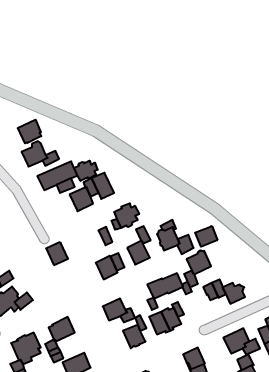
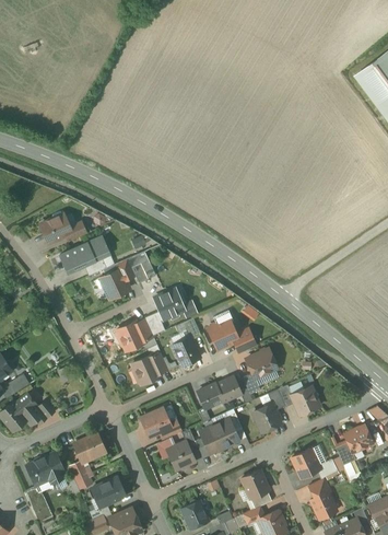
building: [18,120,41,143] -> none
building: [74,161,98,181] -> none
building: [195,226,217,247] -> none
building: [46,242,68,265] -> [117,322,144,350]
building: none -> [254,403,281,432]

